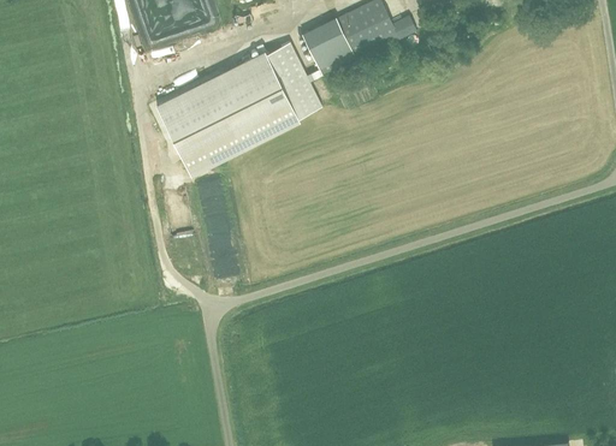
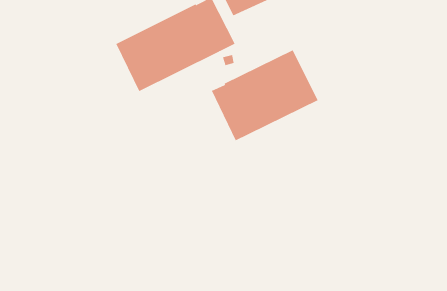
building: none -> [211,50,318,141]

